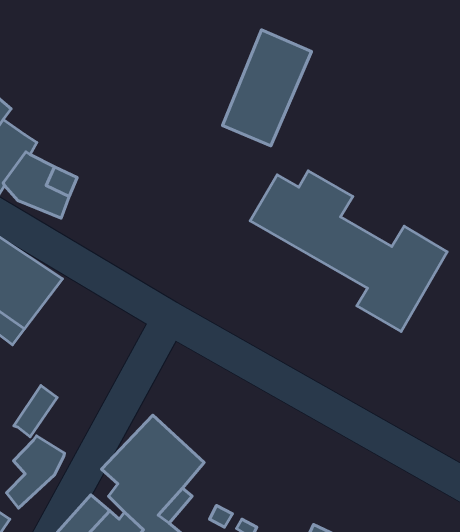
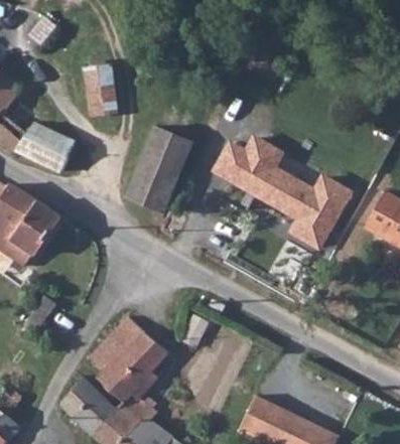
building: [222,30,311,146] -> [127,126,193,212]
building: none -> [87,62,119,116]
building: [6,436,65,508] -> none

